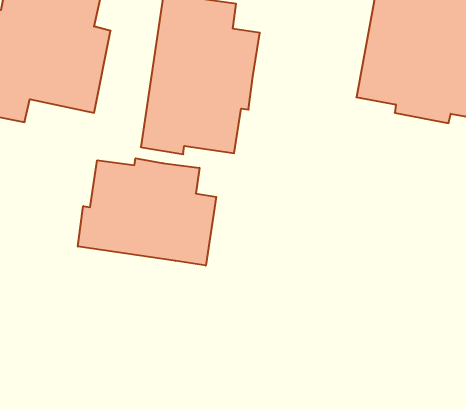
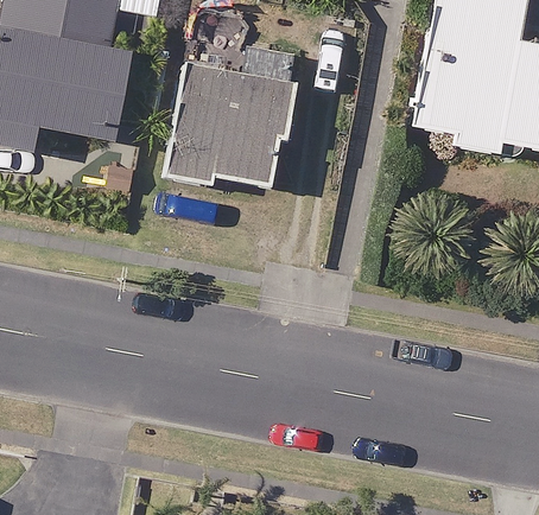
building: [78,158,216,266] -> none

